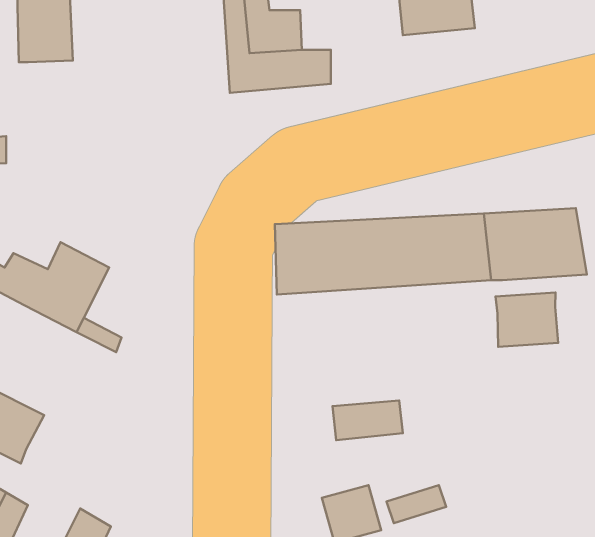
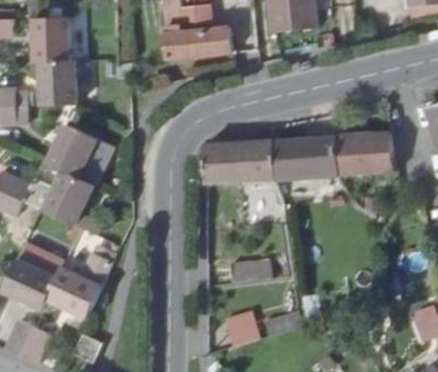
building: none -> [44,50,82,97]
building: none -> [50,115,115,178]
building: [496,293,558,347] -> none
building: none -> [43,243,110,311]

